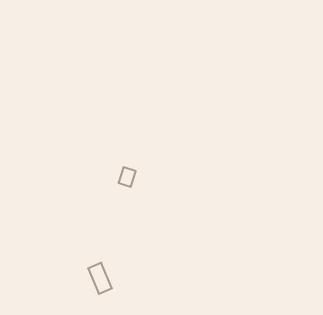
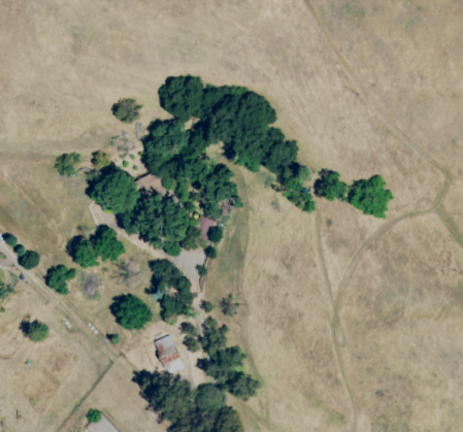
building: none -> [134,169,168,203]

